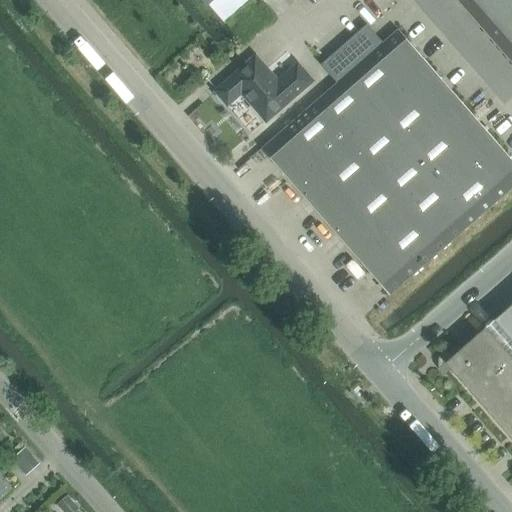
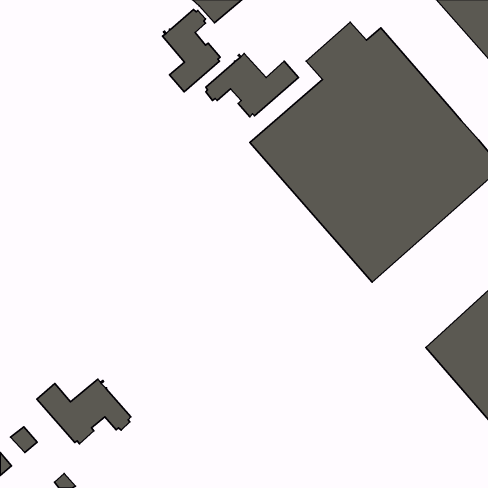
building: none -> [163,9,220,92]
building: none -> [37,379,131,444]

